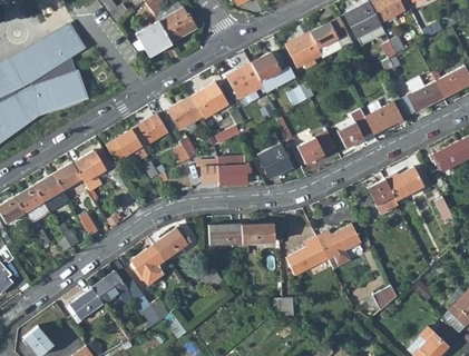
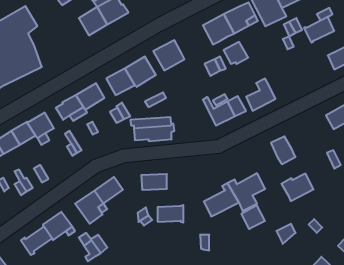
building: [251,52,281,79] -> [224,42,248,64]
building: [408,81,444,112] -> [304,17,334,43]
building: [365,102,402,134] -> none
building: [258,144,292,178] -> none
building: [384,167,423,200] -> [281,174,314,201]
building: [242,223,273,244] -> [158,205,183,223]
building: none -> [241,205,265,229]

